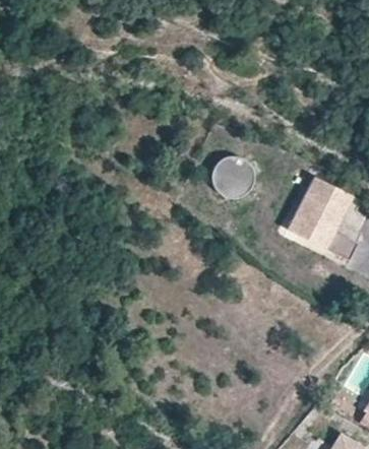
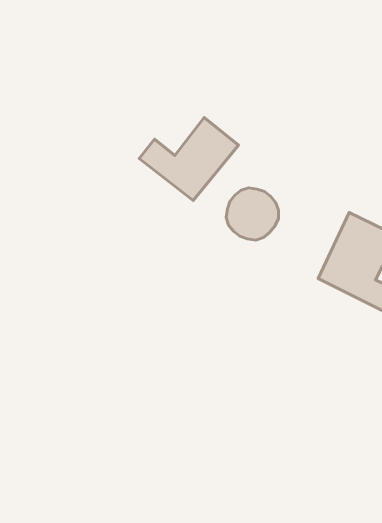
building: none -> [139,117,239,200]

